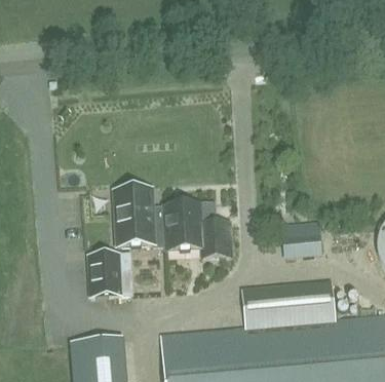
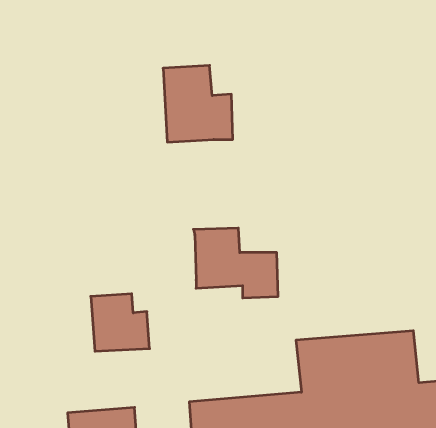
building: [115,188,167,245] -> [163,65,233,142]
building: [282,232,320,257] -> none

